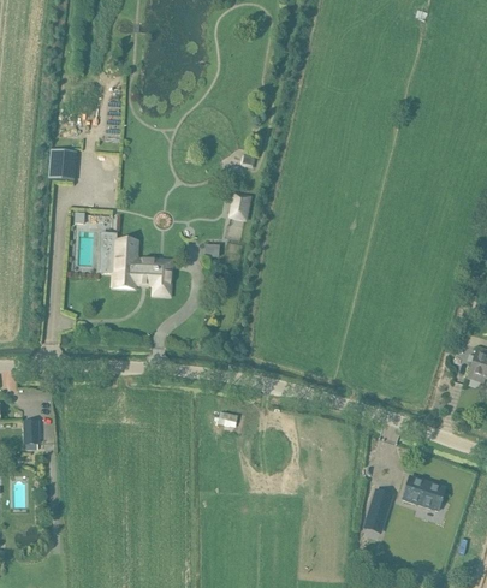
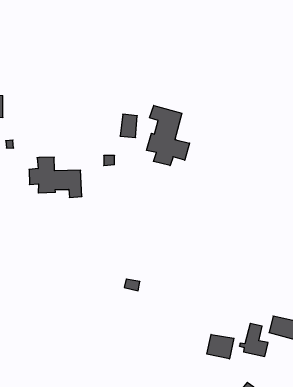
building: none -> [147,105,190,166]
building: none -> [207,334,234,359]

